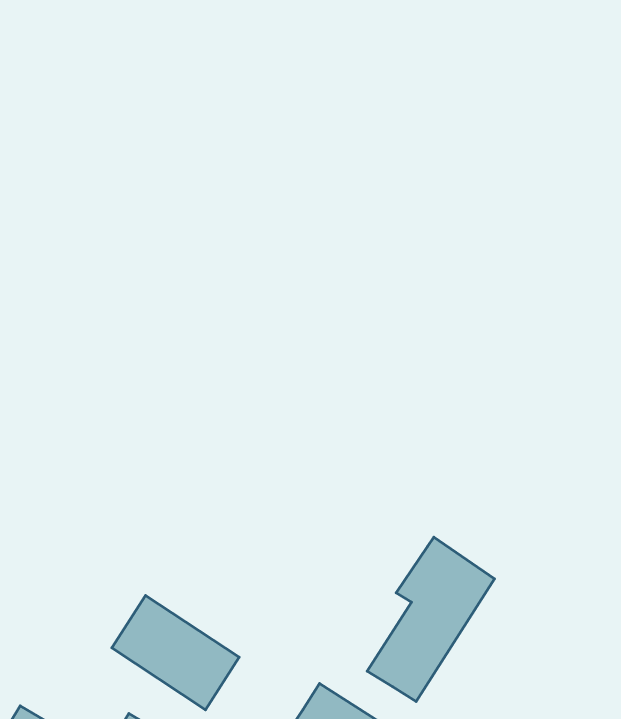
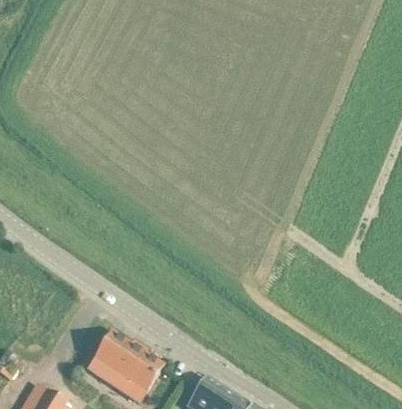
building: [367,537,495,702] -> none

